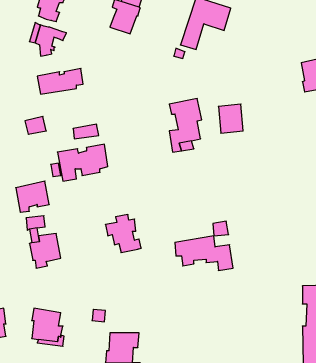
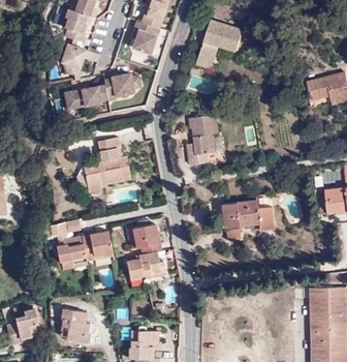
building: none -> [104,73,140,101]
building: [16,181,49,212] -> [83,233,114,262]
building: [175,236,233,270] -> [221,199,275,231]
building: none -> [126,253,164,280]

